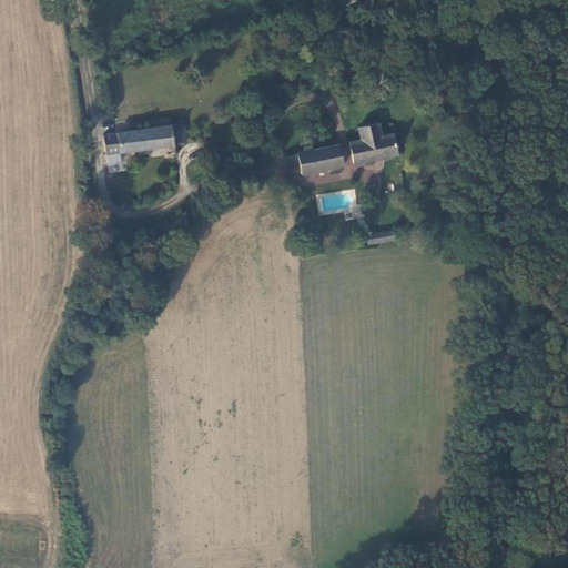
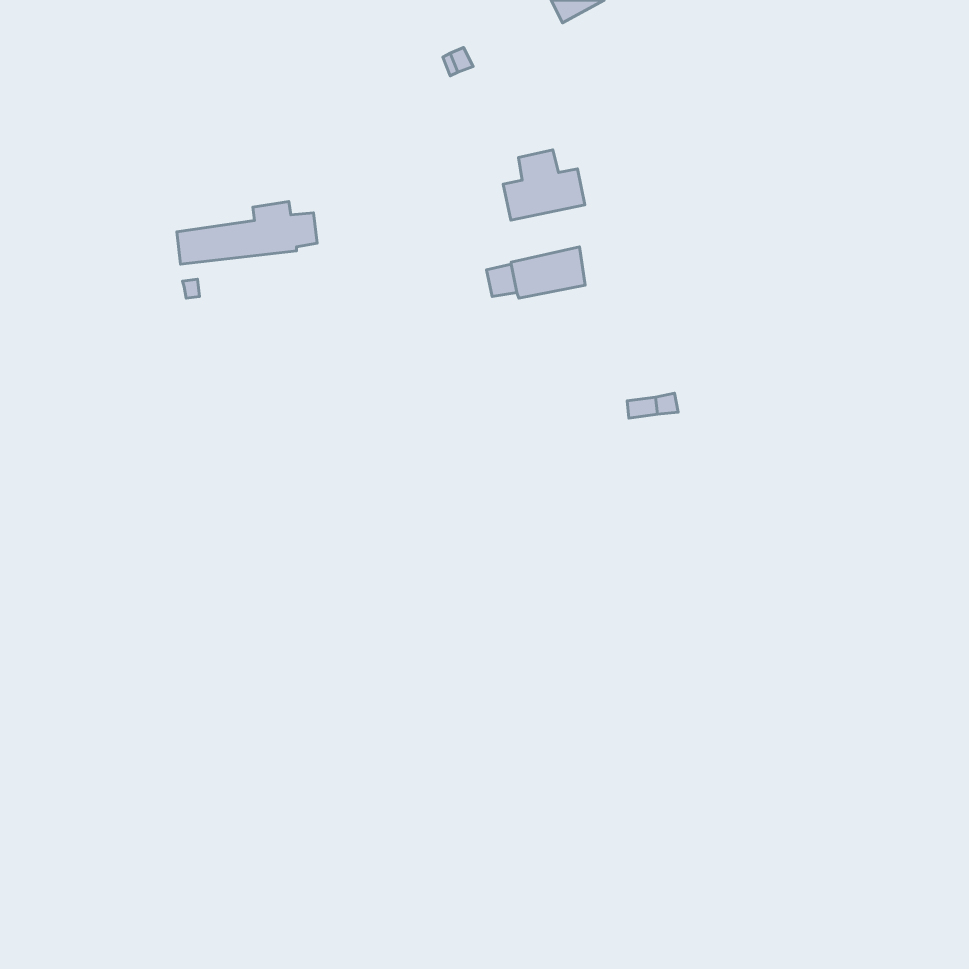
building: [351,124,398,165] -> [503,150,585,220]

